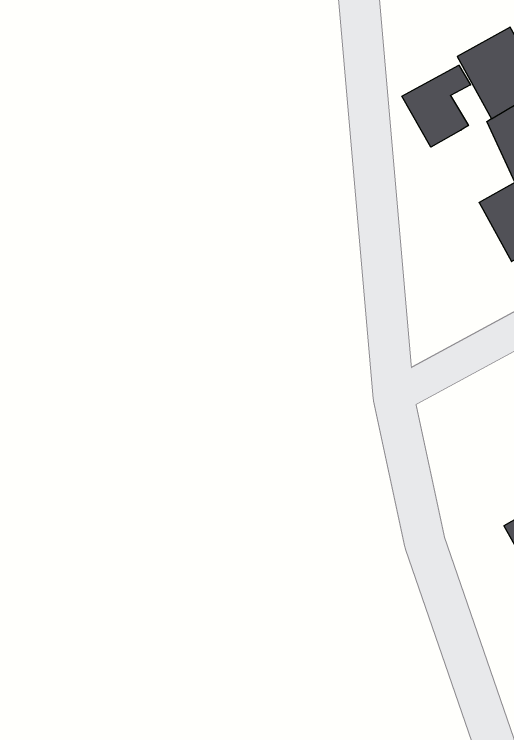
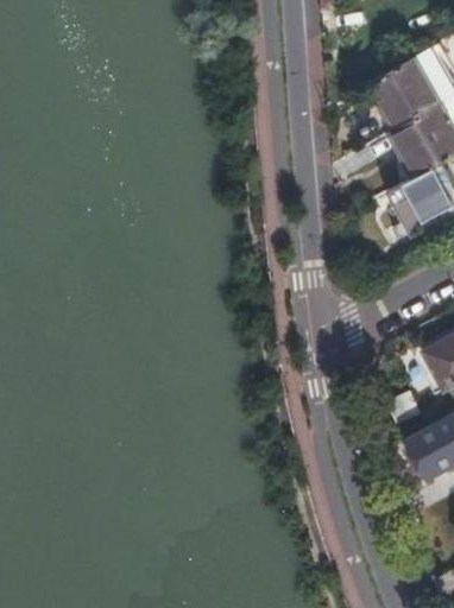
building: [402,65,471,147] -> none

